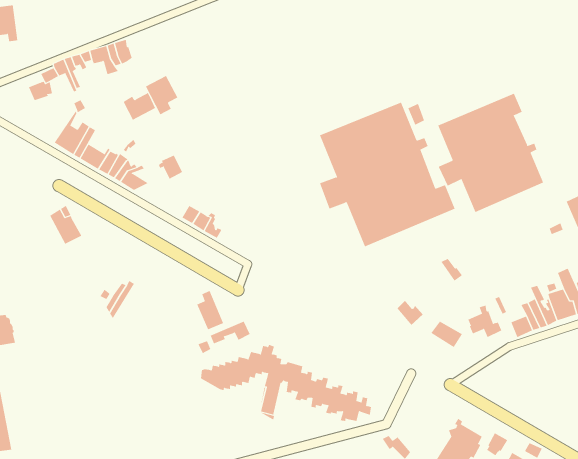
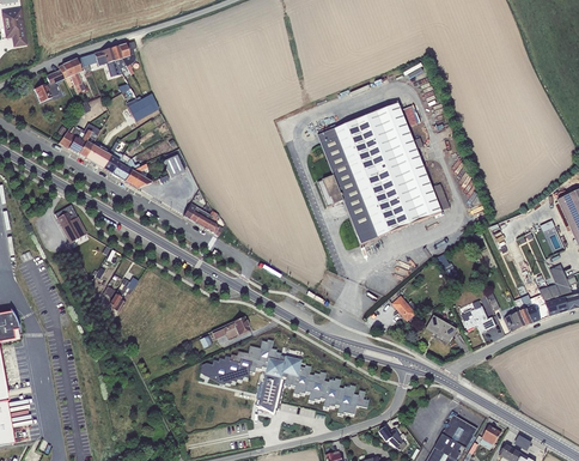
building: [145,75,178,115] -> none
building: [437,93,544,213] -> none
building: [197,290,224,330] -> none

